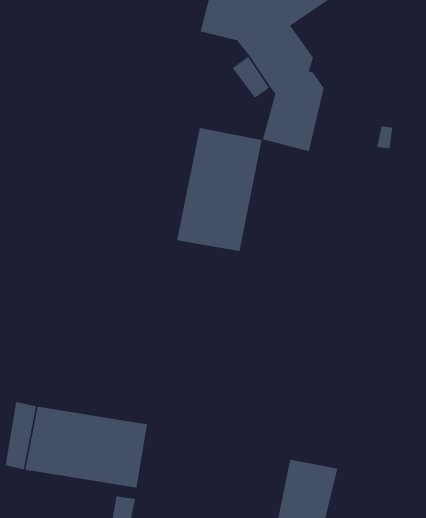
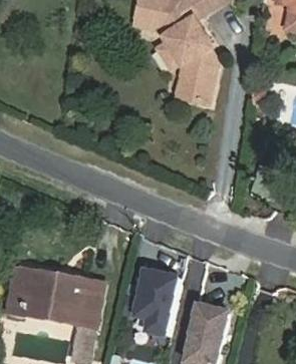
building: [177,127,262,252] -> none
building: none -> [136,271,180,334]

